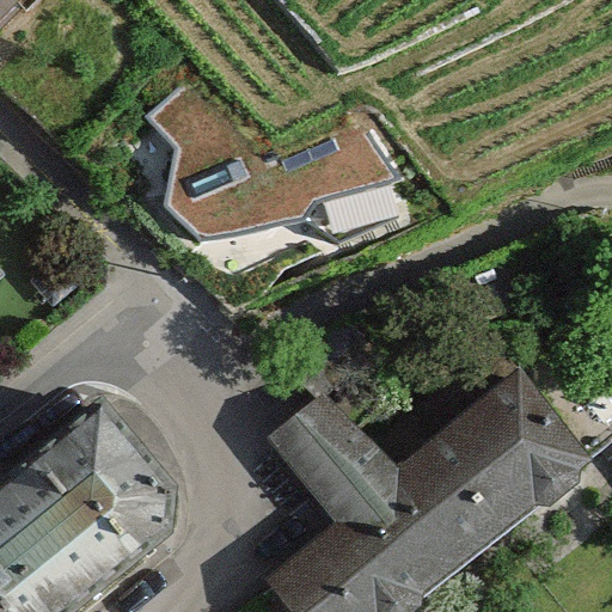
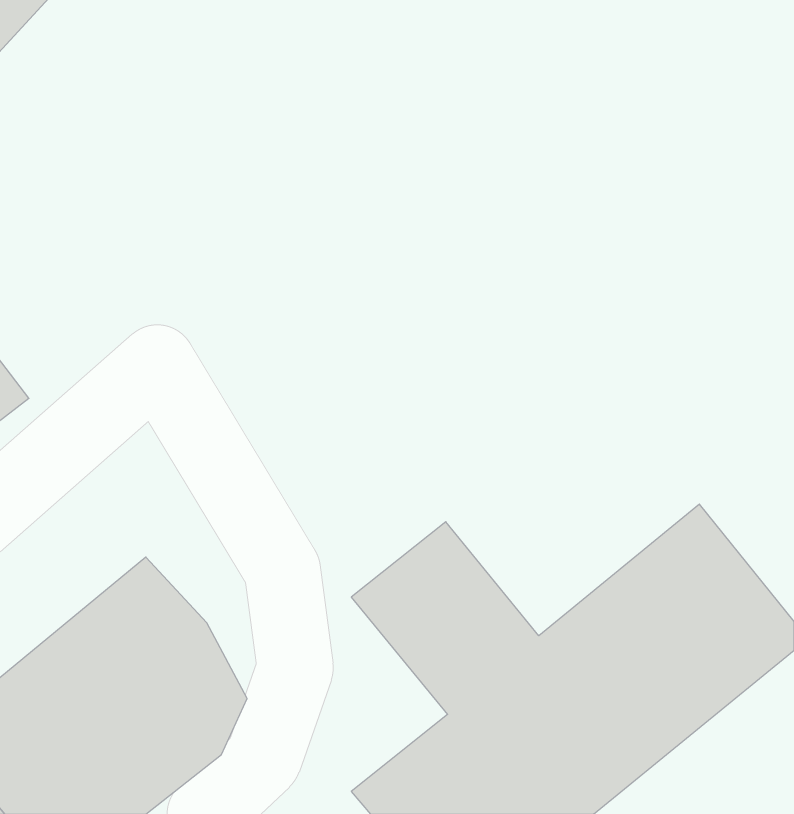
building: [142,65,384,235] -> none

